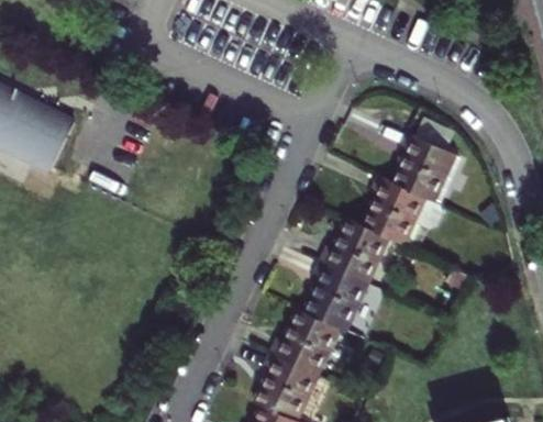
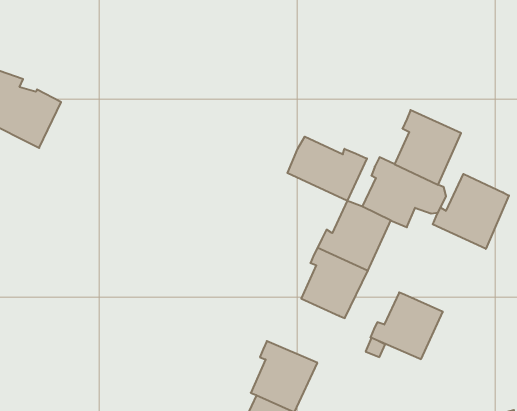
building: none -> [287,137,367,201]
building: none -> [433,174,509,249]
building: [269,310,339,374] -> [370,292,443,359]

